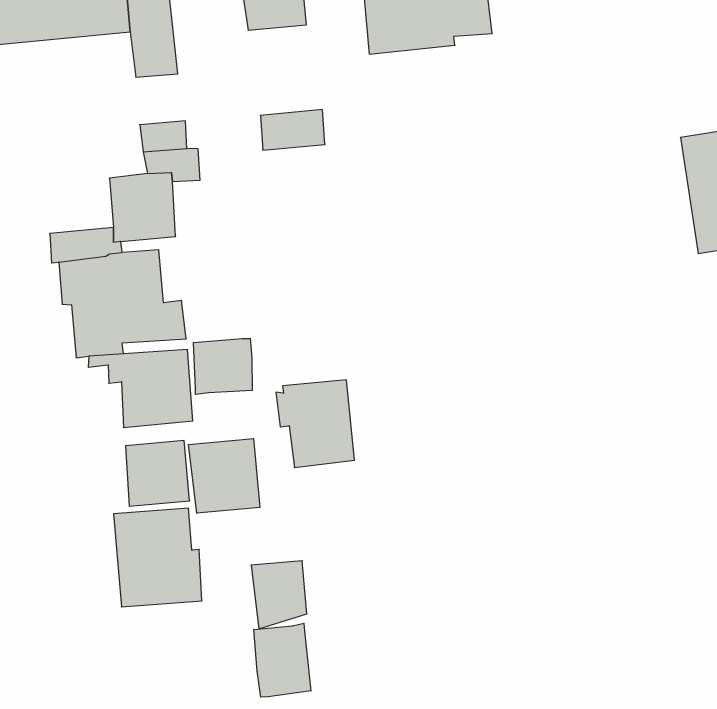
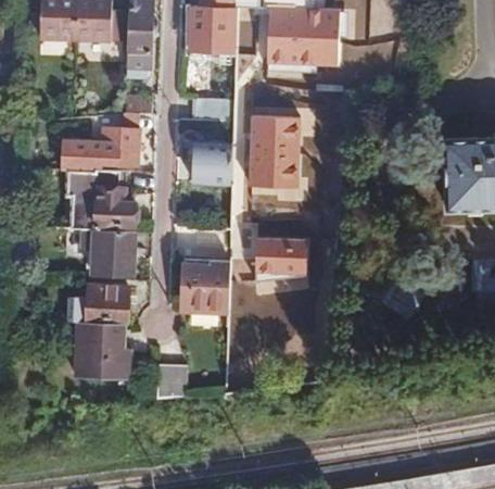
building: none -> [248,114,300,185]
building: none -> [193,141,232,183]
building: none -> [253,235,309,275]
building: [193,338,252,394] -> none
building: [189,439,260,513] -> none
building: [254,623,311,697] -> none

